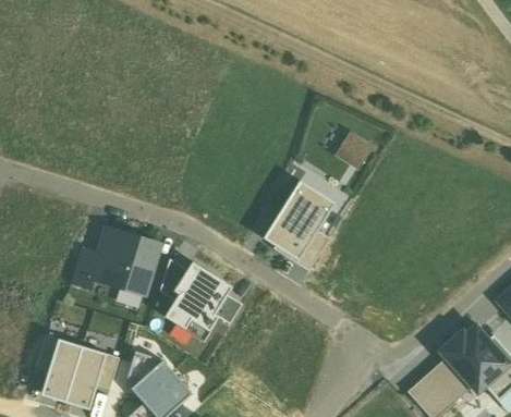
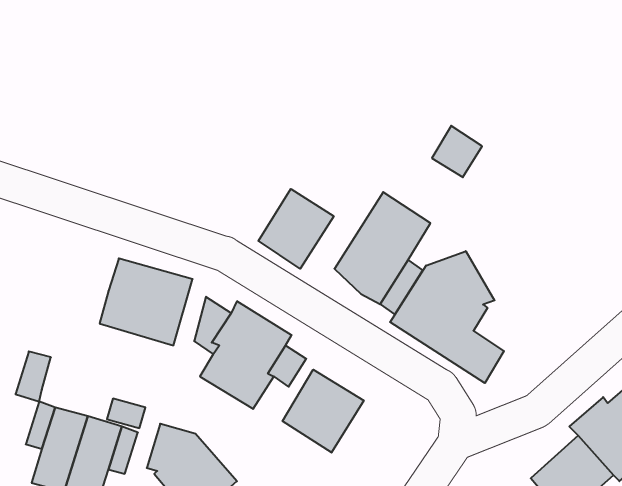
building: none -> [258,189,334,269]
building: none -> [390,251,504,383]
building: [71,249,97,286] -> [15,351,51,402]
building: none -> [283,370,364,453]

